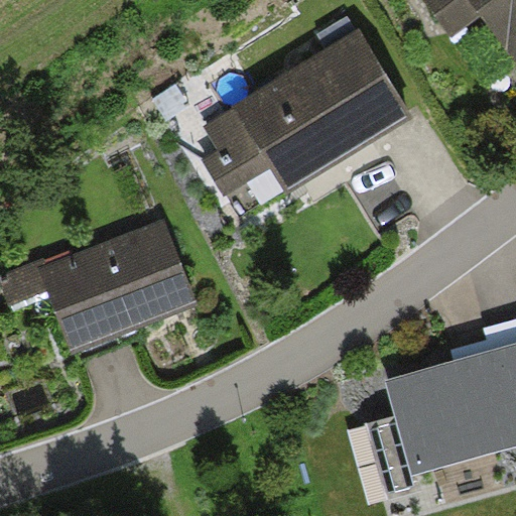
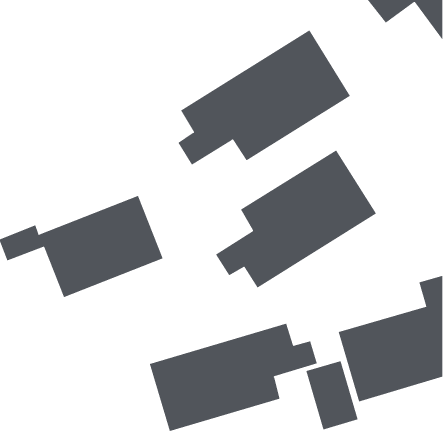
building: none -> [215,149,377,288]
building: none -> [149,323,318,432]

